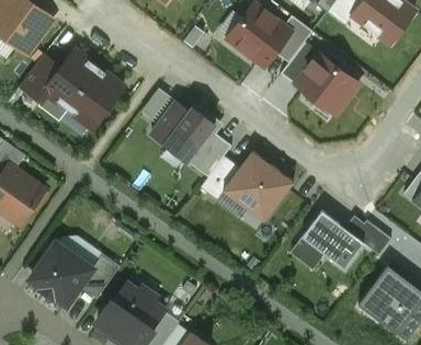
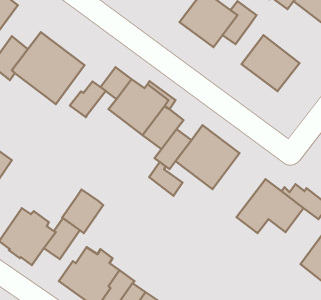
building: [281,43,320,85] -> none
building: none -> [70,81,106,117]
building: none -> [149,162,182,196]
building: none -> [62,190,103,233]

